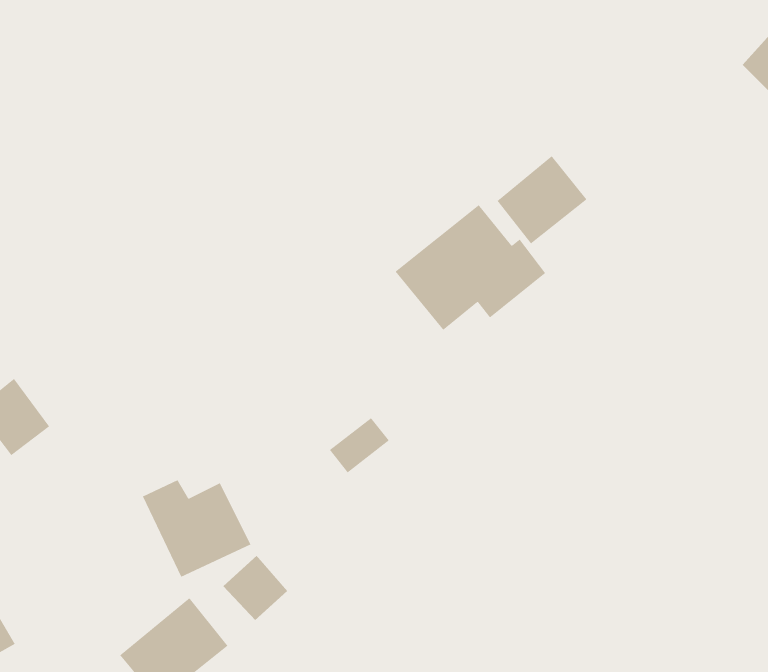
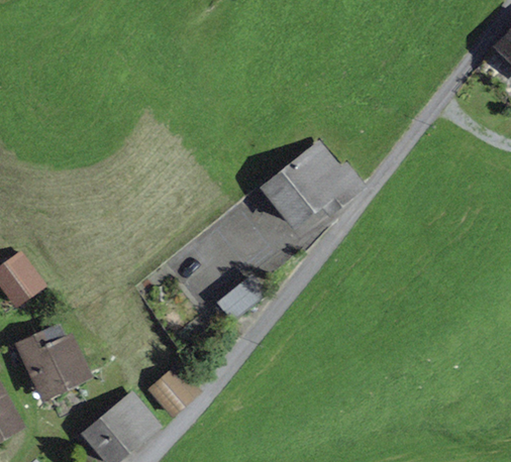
building: [496,155,588,245] -> none
building: [142,479,251,578] -> [19,333,90,396]

